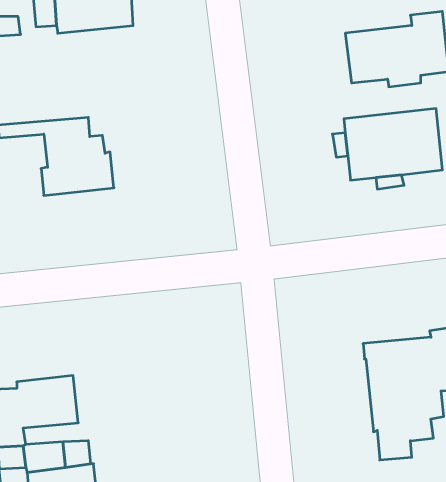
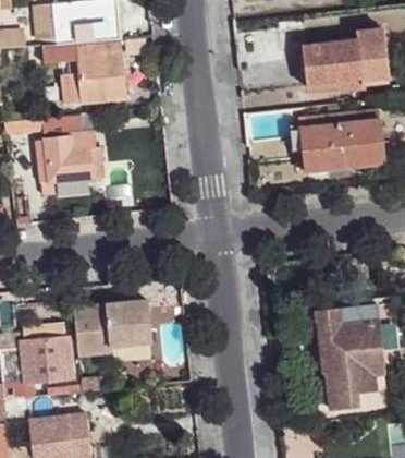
building: none -> [41,38,126,104]
building: none -> [74,300,152,355]

